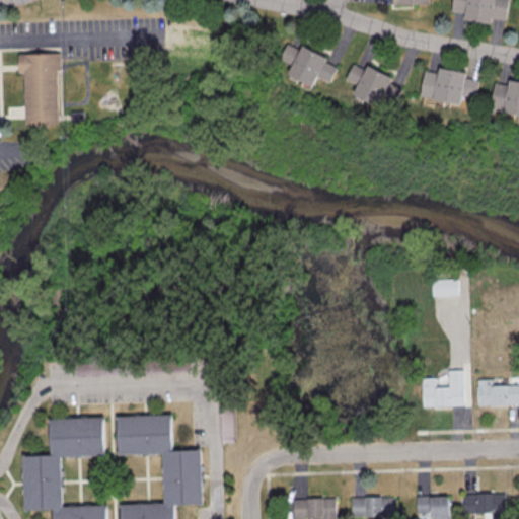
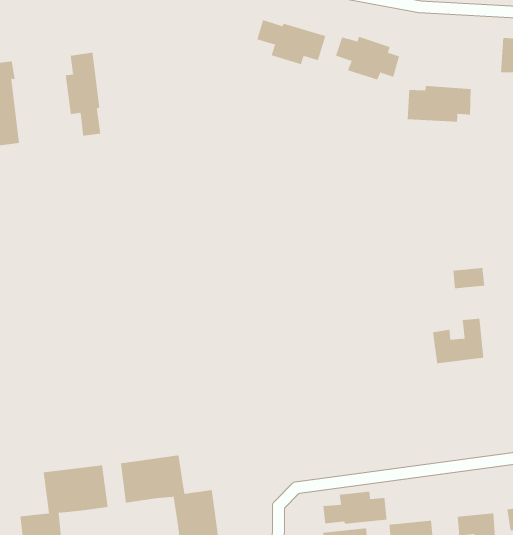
building: none -> [65,52,101,136]
building: [420,68,479,103] -> [407,85,472,122]
building: [420,371,463,407] -> [432,318,484,364]
building: none -> [323,491,387,525]

